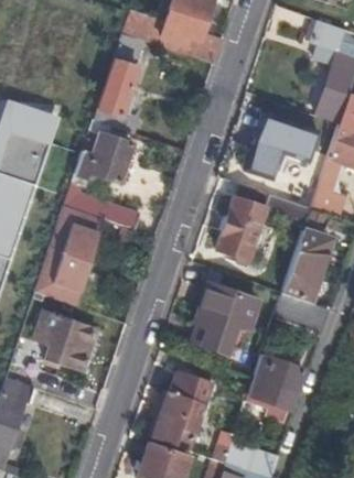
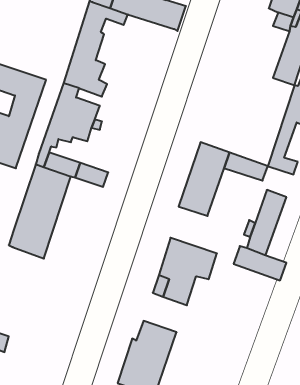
building: [244,113,320,180] -> none
building: [33,311,97,371] -> none
building: [247,355,302,409] -> none

